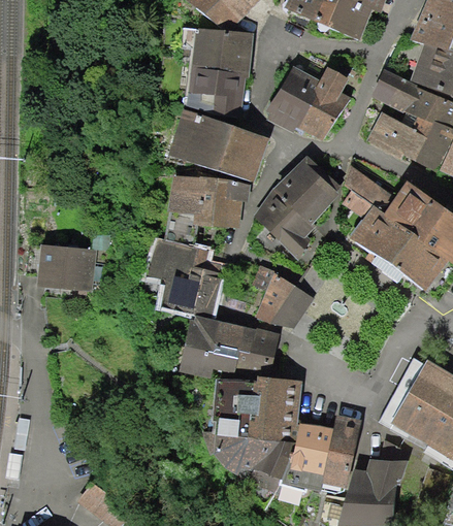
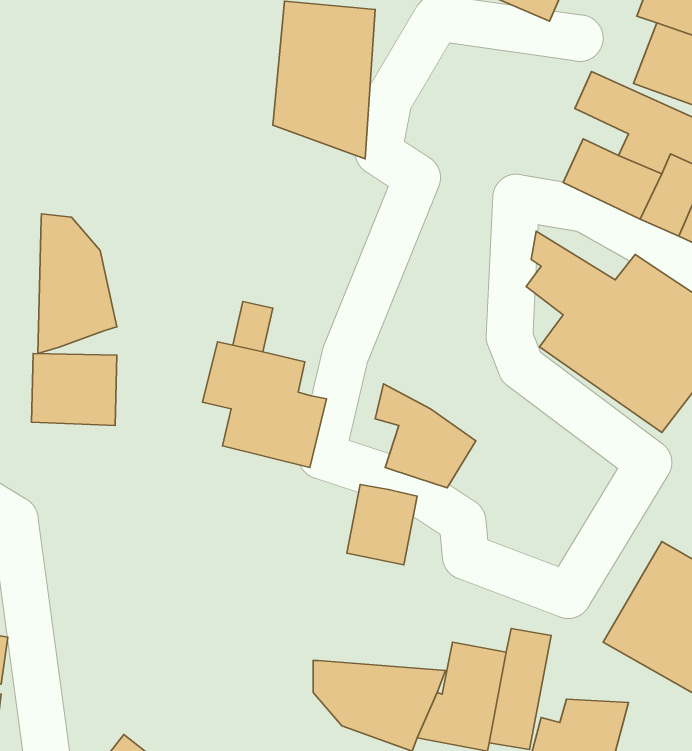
building: [269,66,352,142] -> none
building: [166,109,266,180] -> none
building: none -> [38,214,117,354]
building: [253,161,334,260] -> none
building: [167,172,246,228] -> none
building: [177,315,241,379] -> none
building: [213,375,299,439] -> none

